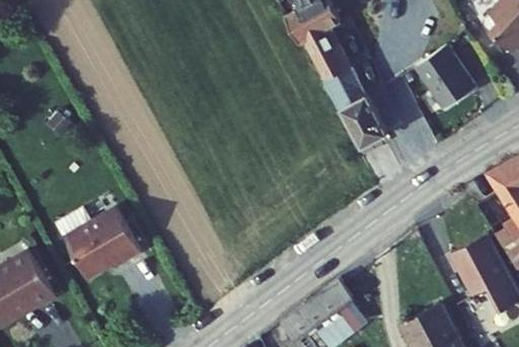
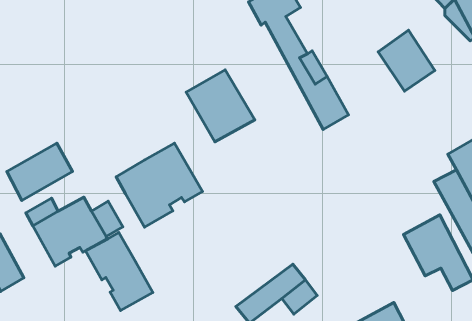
building: none -> [186,70,255,142]
building: none -> [116,143,203,227]
building: none -> [7,143,73,200]
building: none -> [86,233,153,311]

